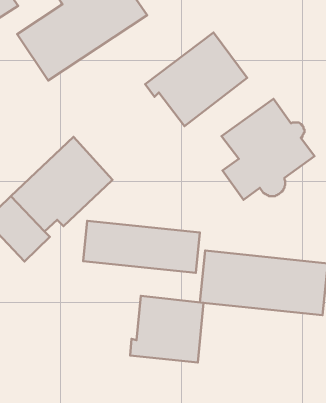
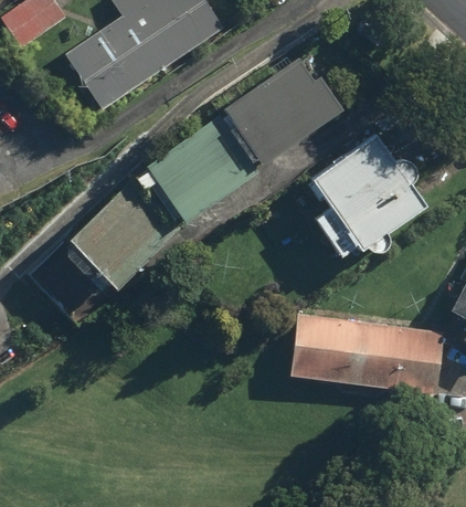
building: none -> [139,114,262,223]
building: [83,221,200,273] -> none
building: [130,296,203,362] -> none

